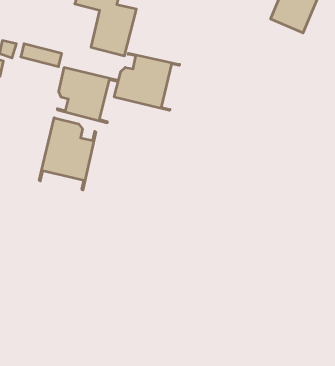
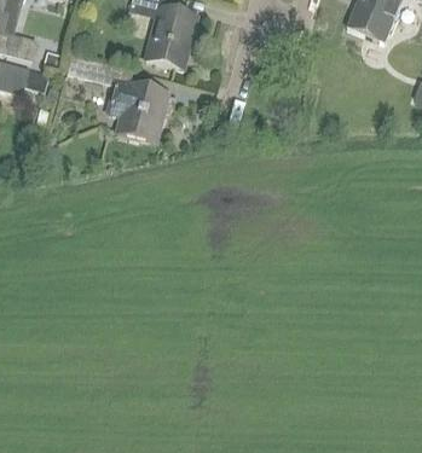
building: [114,53,180,110] -> none
building: [39,118,96,190] -> none

